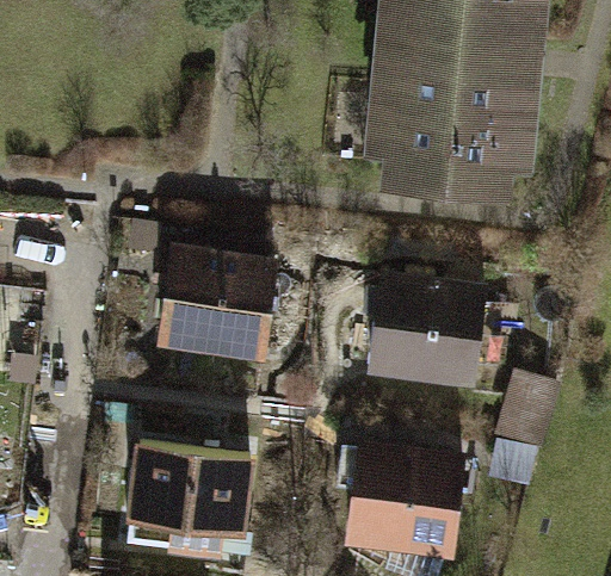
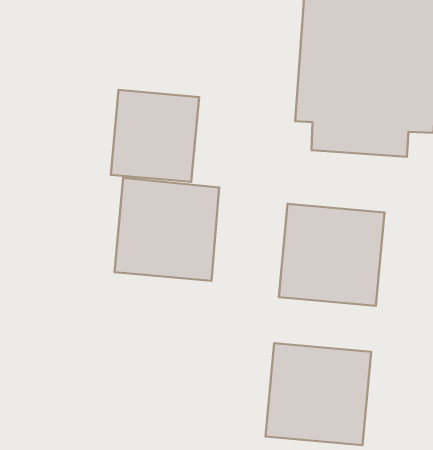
building: none -> [111,90,199,182]
building: [122,435,267,551] -> none

